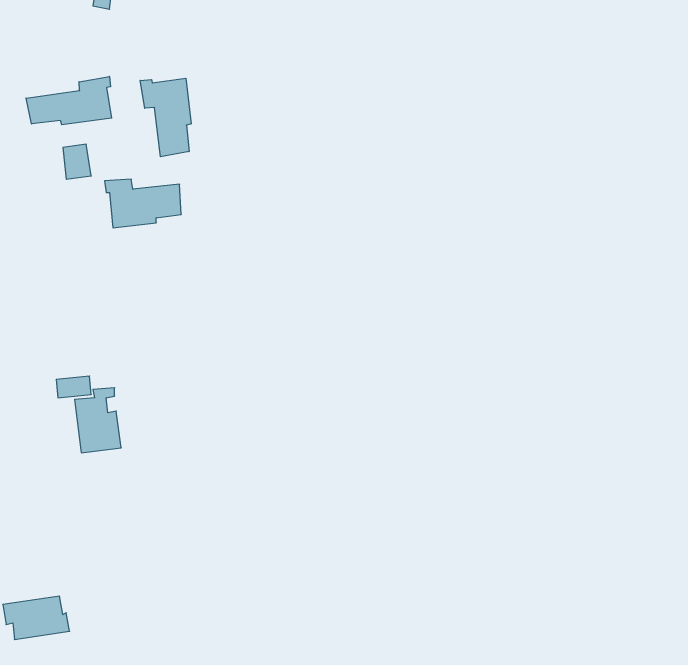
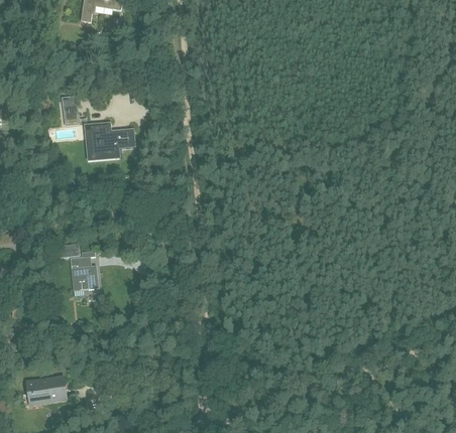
building: [26,76,112,125] -> none
building: [140,78,191,157] -> none

